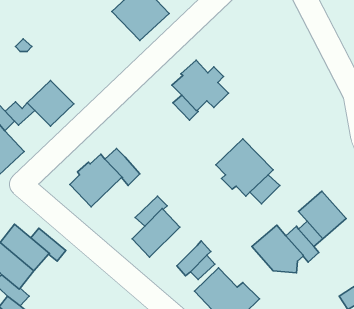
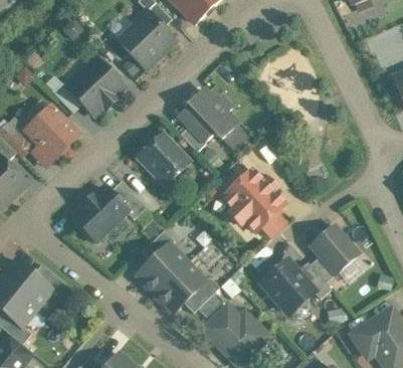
building: none -> [68,60,123,114]
building: none -> [138,134,189,185]
building: none -> [156,262,205,313]

